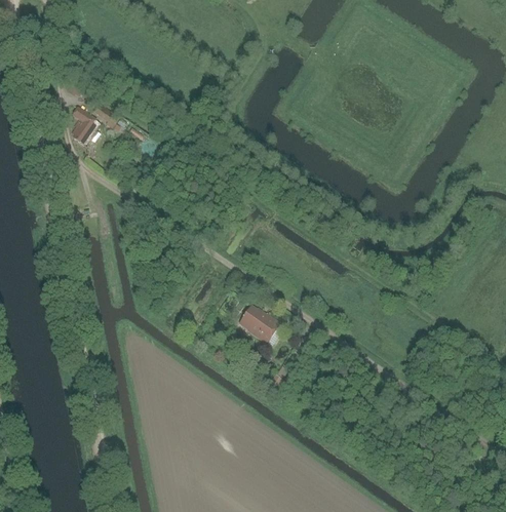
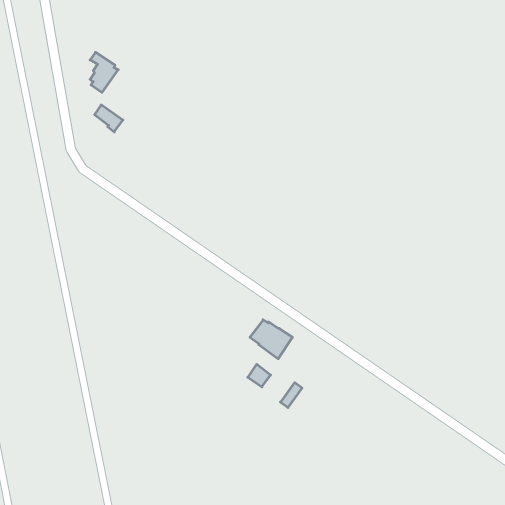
building: [72,107,99,145] -> [90,52,118,92]

